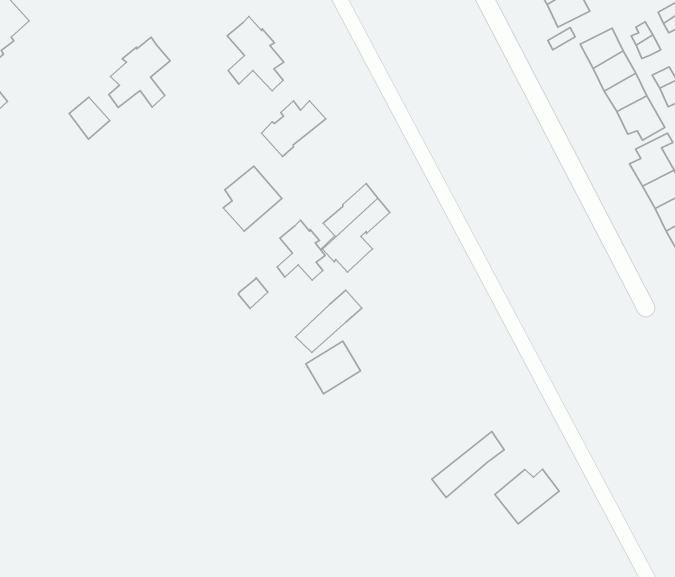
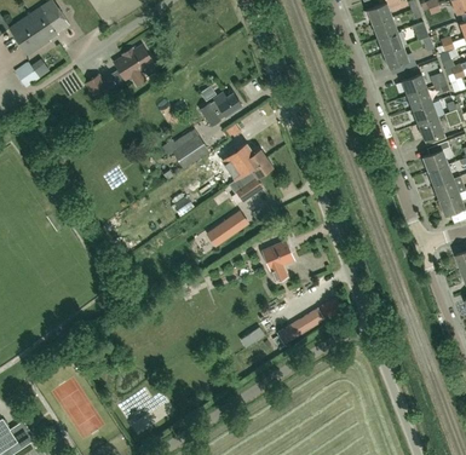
building: [227,16,284,91] -> none
building: [277,220,325,280] -> none
building: [306,341,361,394] -> [261,241,294,271]
building: [495,469,559,524] -> none

